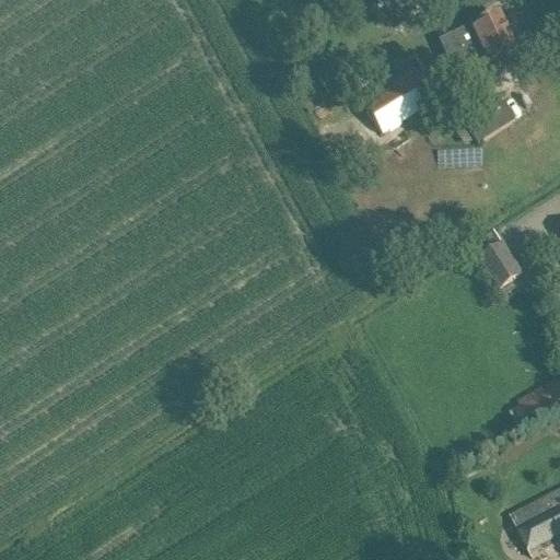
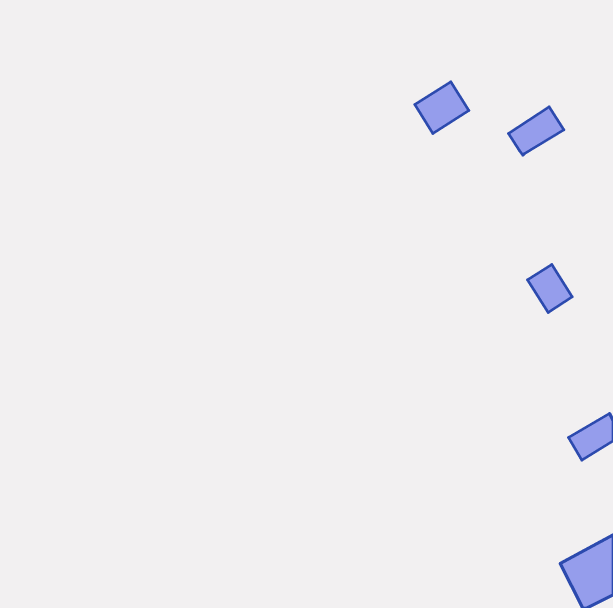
building: [450,8,515,68] -> none

